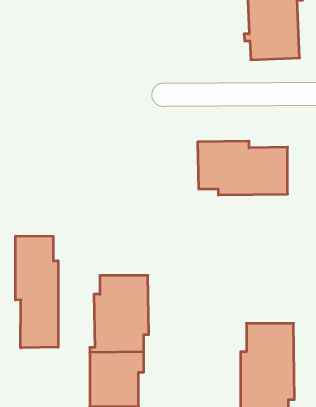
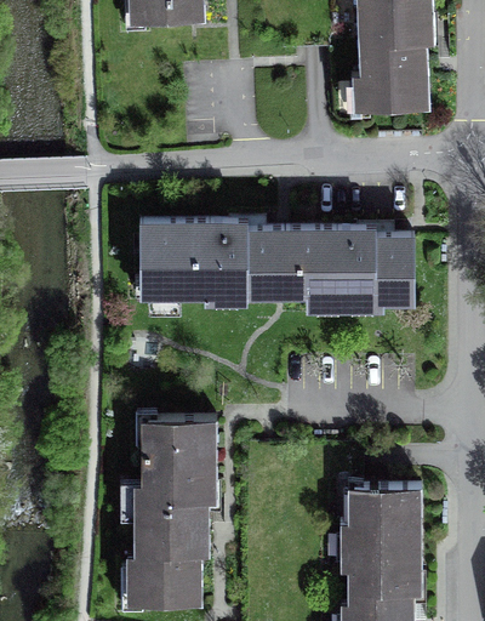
building: none -> [139,222,286,297]
building: [15,236,58,348] -> none

